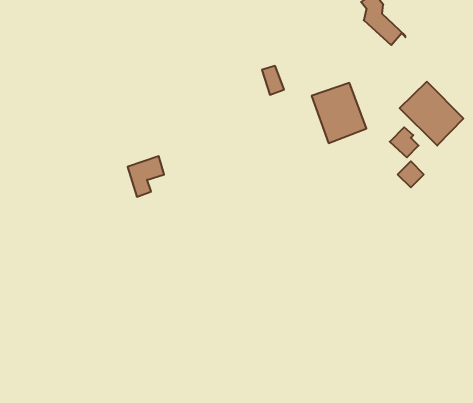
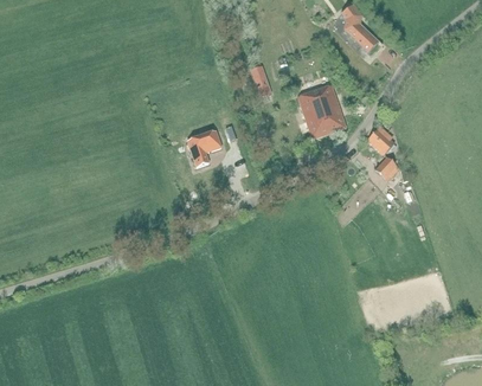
building: [400,82,463,146] -> none
building: [128,156,164,197] -> [187,129,220,166]

